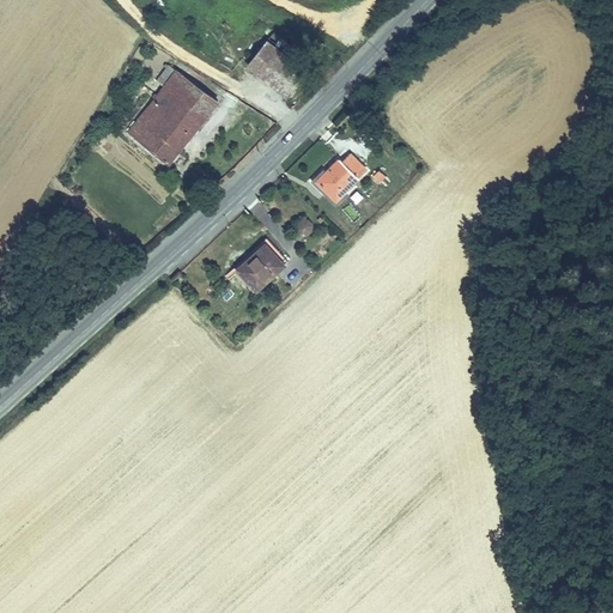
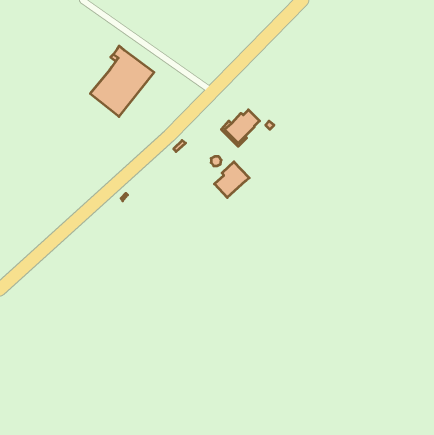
building: [247,41,305,96] -> none
building: [238,238,287,289] -> [214,162,249,198]

